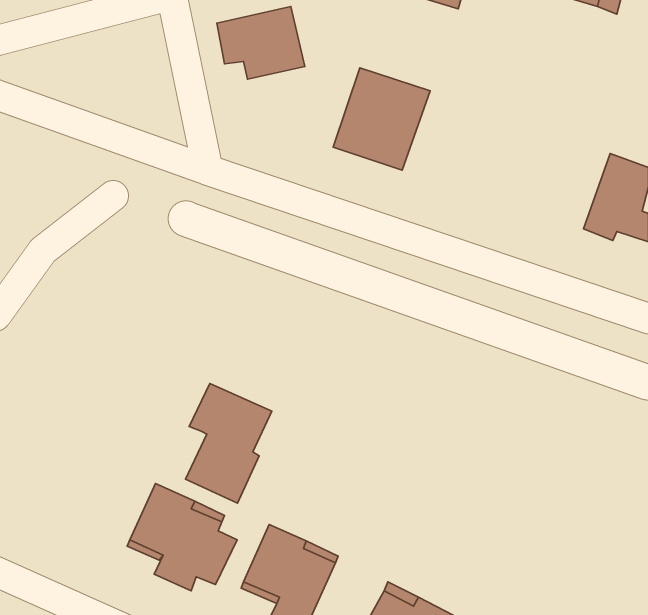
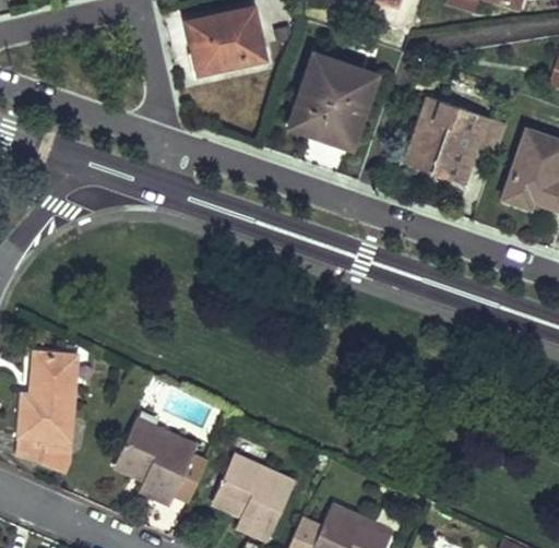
building: none -> [404,99,504,184]
building: [186,383,272,503] -> none
building: none -> [19,352,78,473]

